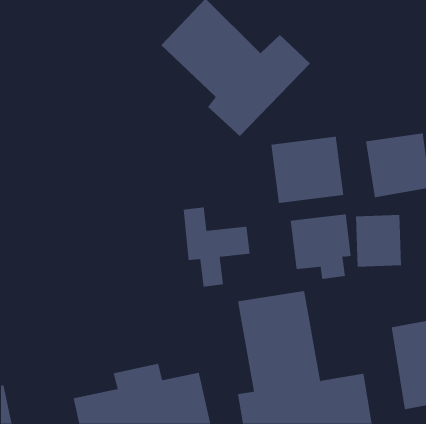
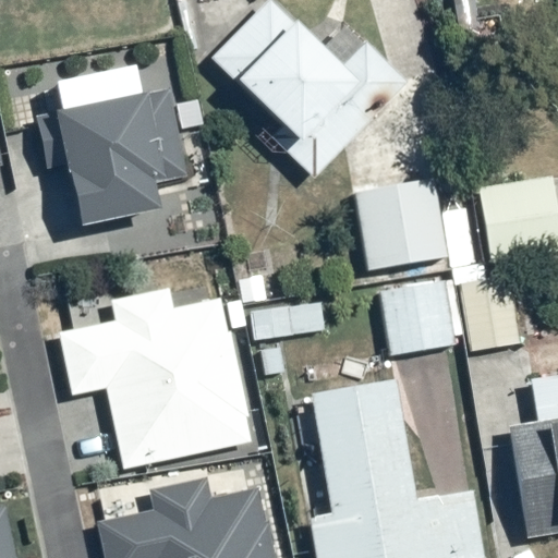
building: none -> [35,69,187,227]
building: none -> [58,289,254,472]

